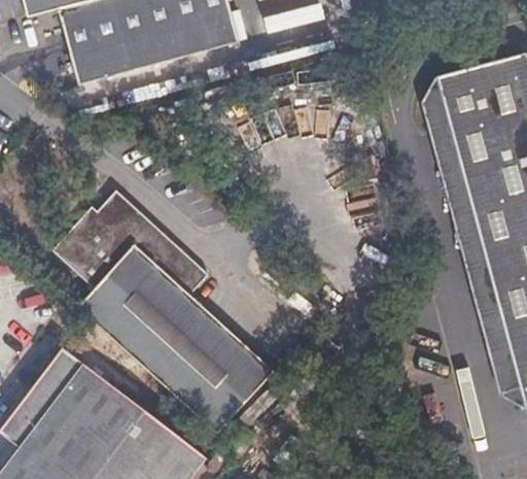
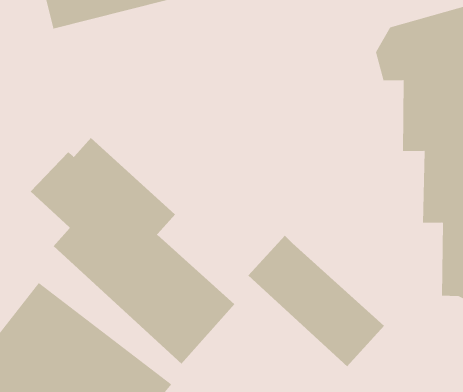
building: none -> [247,235,385,367]

